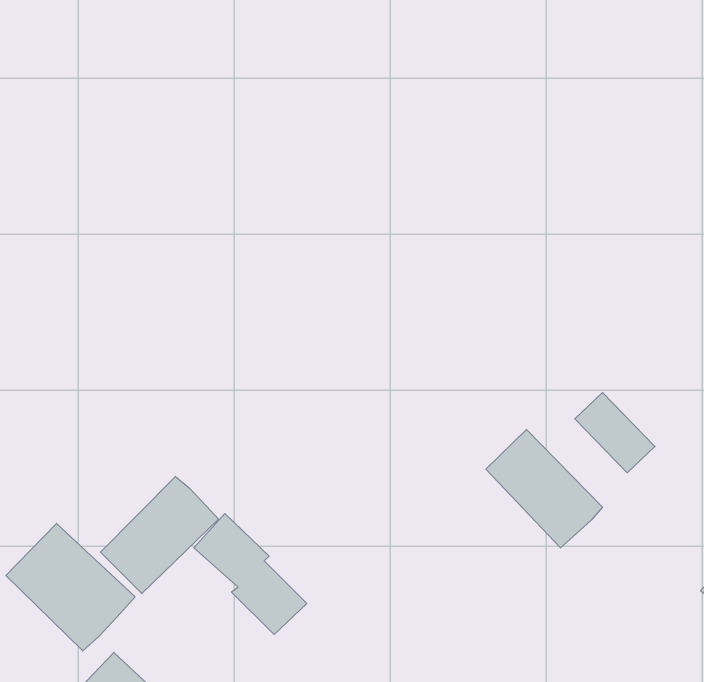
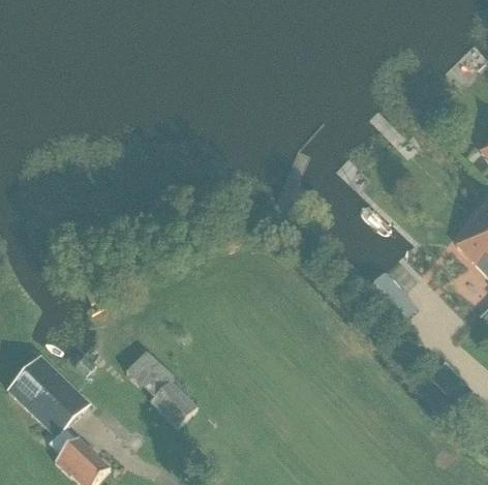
building: [486,430,602,548] -> none
building: [100,476,218,594] -> none

